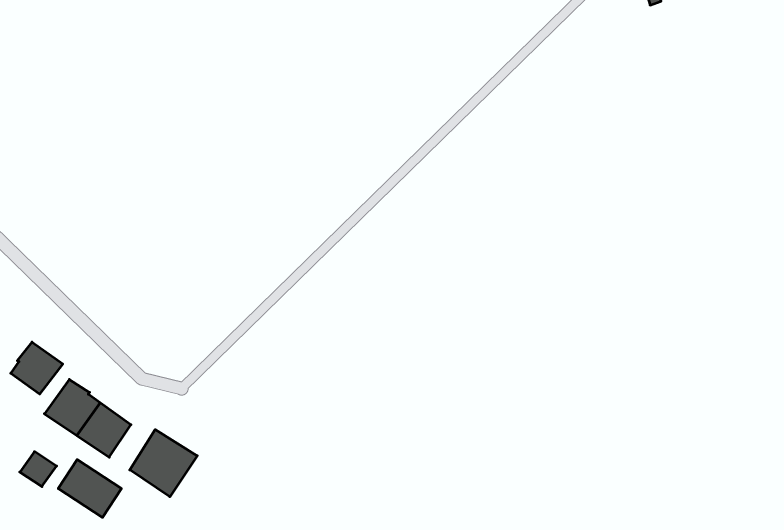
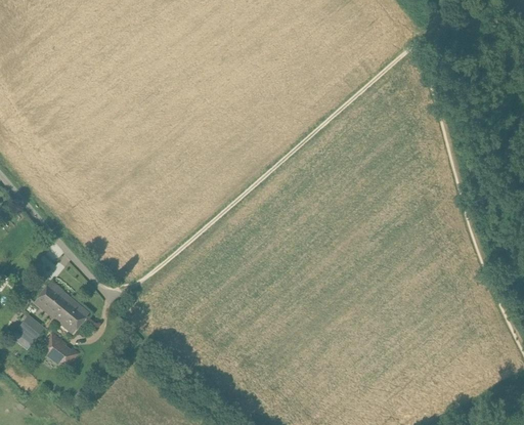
building: [11,342,63,394] -> none
building: [130,430,197,497] -> none

